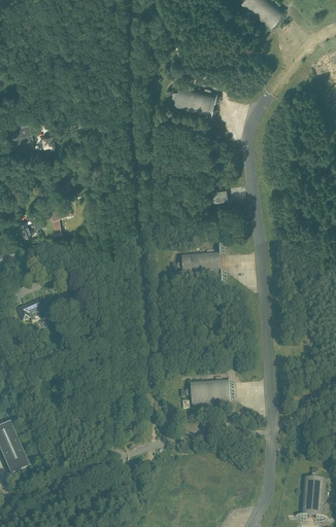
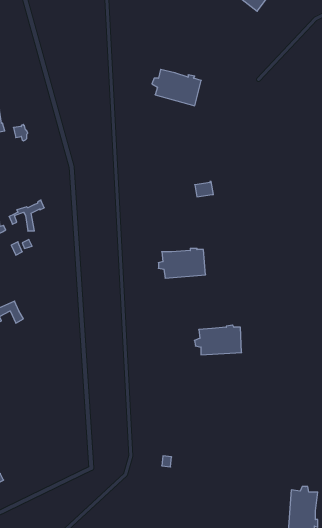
building: [186,377,230,405] -> [194,325,242,355]

